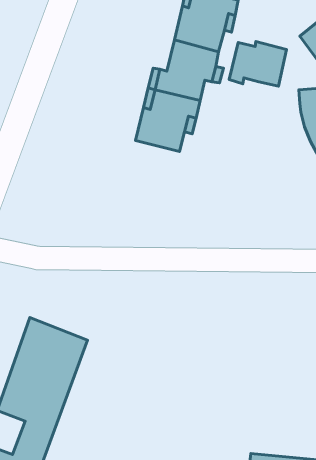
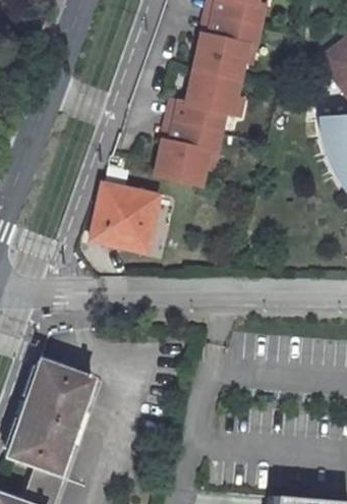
building: [229,41,287,86] -> none
building: none -> [89,180,152,246]

